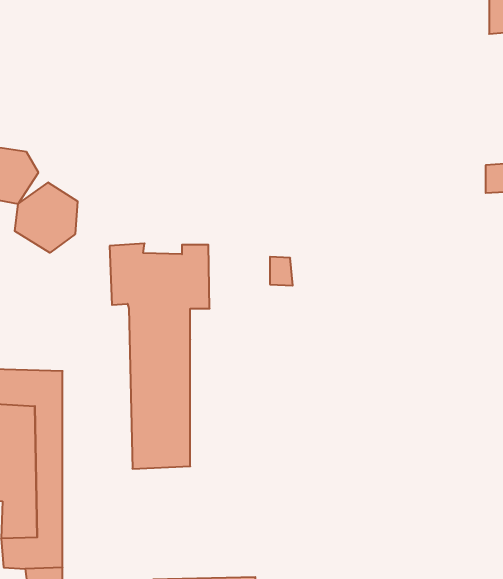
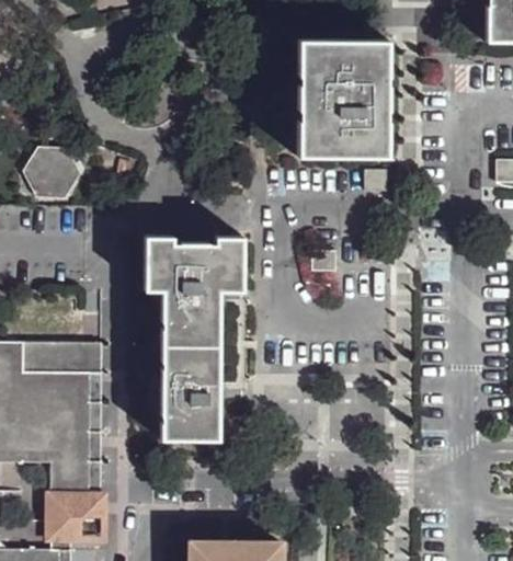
building: none -> [300,41,389,158]
building: [15,182,77,253] -> none

